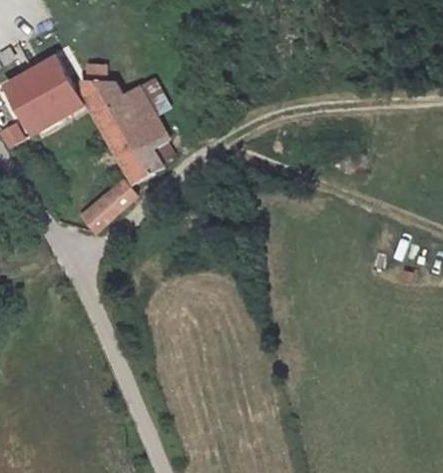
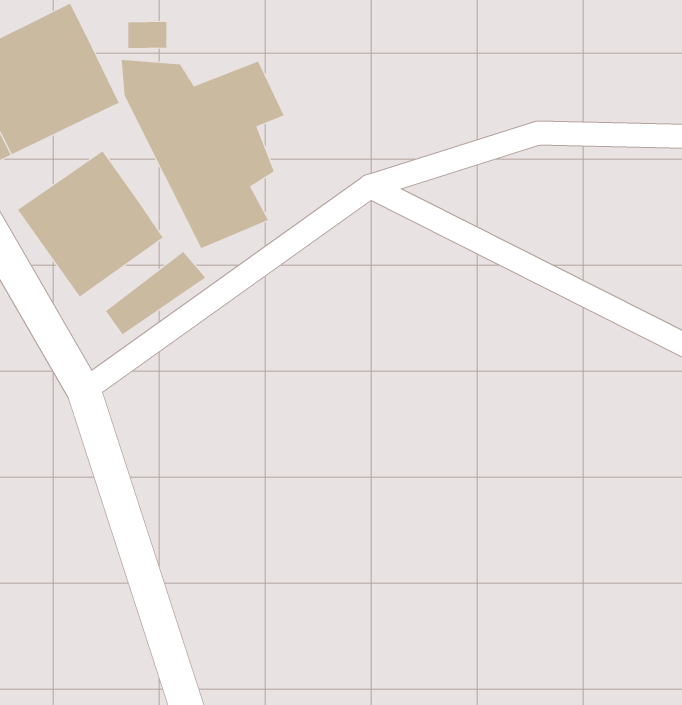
building: none -> [17,150,163,298]

